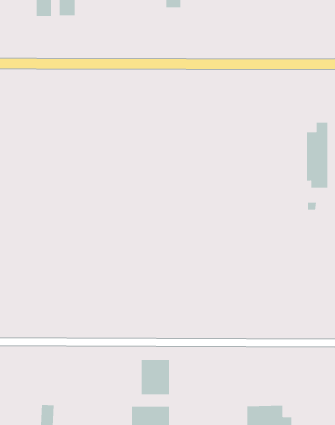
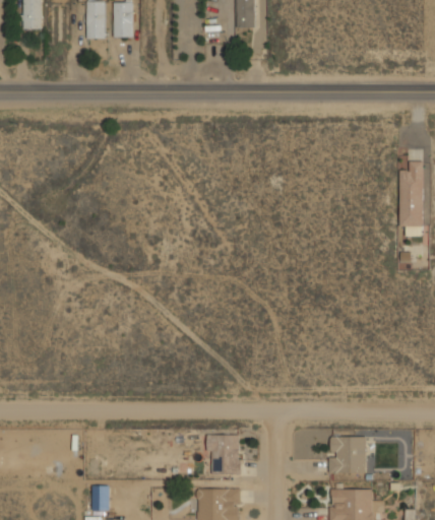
building: none -> [329,437,365,473]

